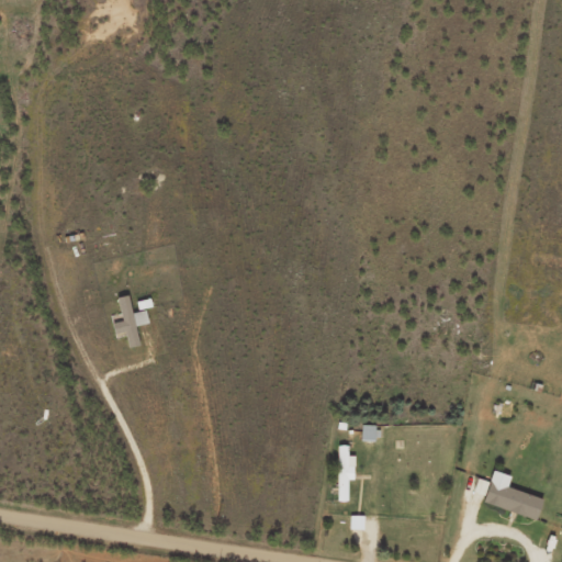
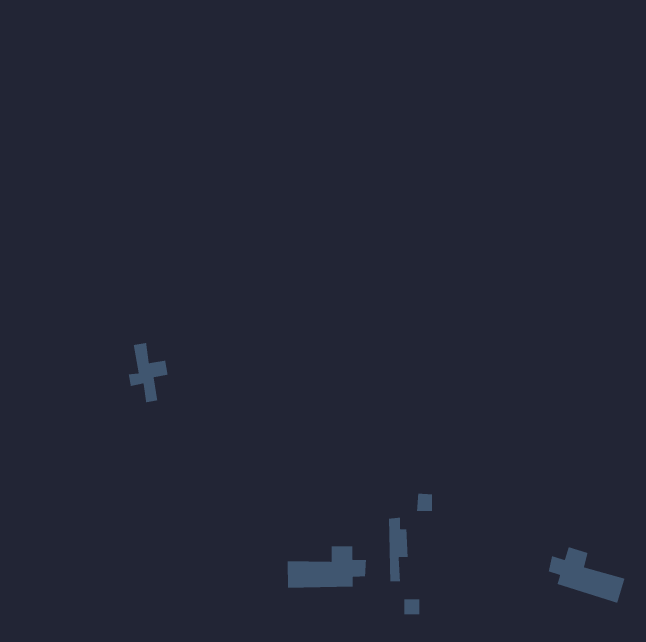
building: none -> [287,545,367,588]

